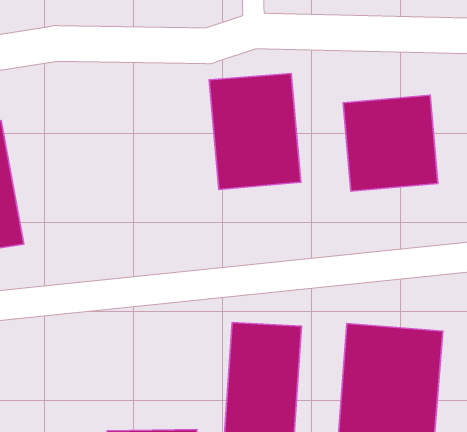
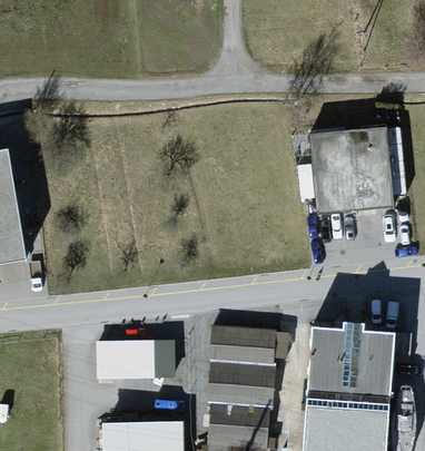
building: [209,73,301,190] -> none
building: none -> [95,341,172,378]

